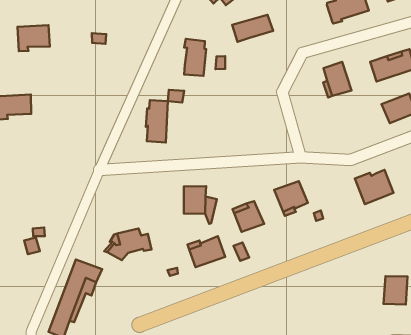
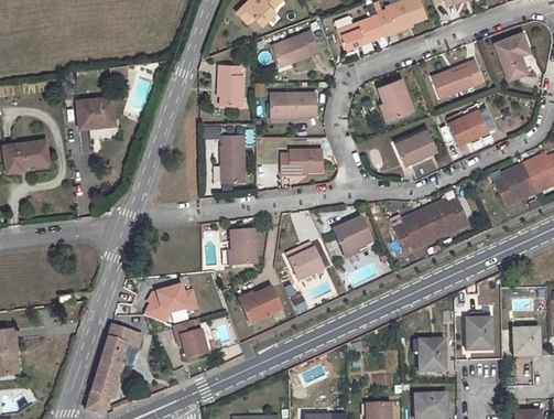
building: none -> [337,13,385,50]
building: [18,25,50,51] -> [76,96,115,128]
building: none -> [270,90,316,115]
building: [146,100,168,143] -> [221,133,246,181]
building: none -> [395,127,437,164]
building: none -> [281,148,322,173]
building: none -> [393,210,437,253]
building: none -> [174,320,208,358]
building: none -> [419,340,445,372]

